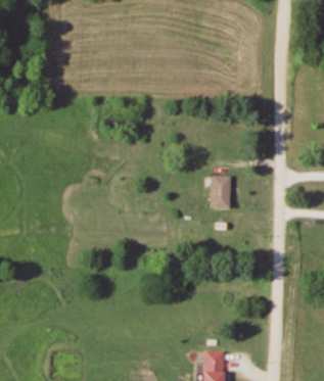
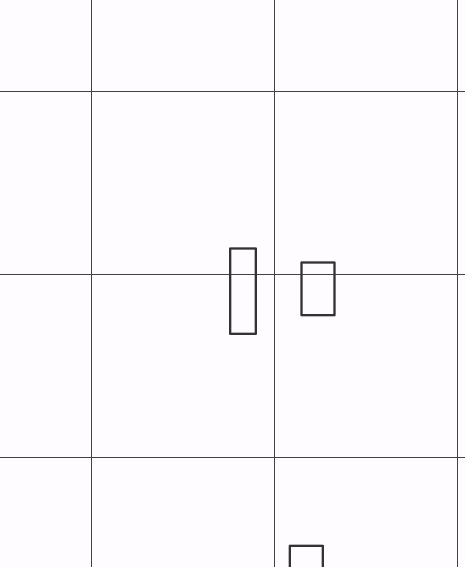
building: none -> [230,248,256,334]

